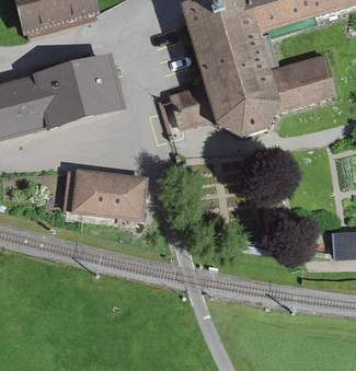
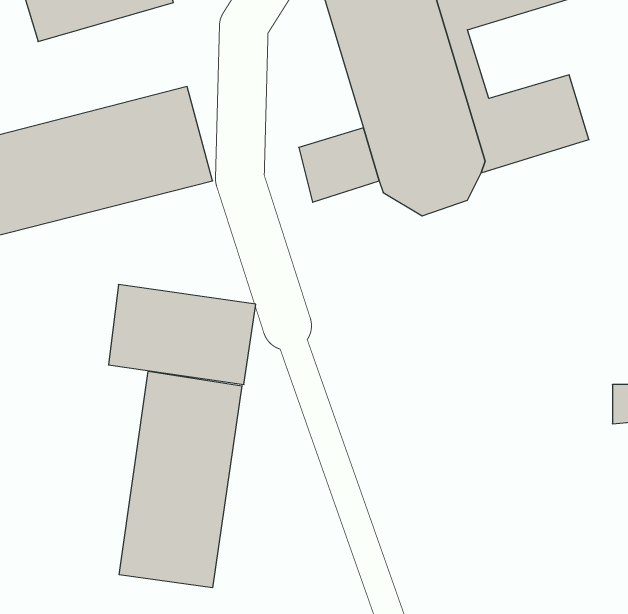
building: none -> [119,371,242,588]

